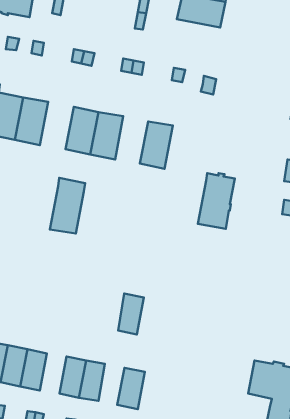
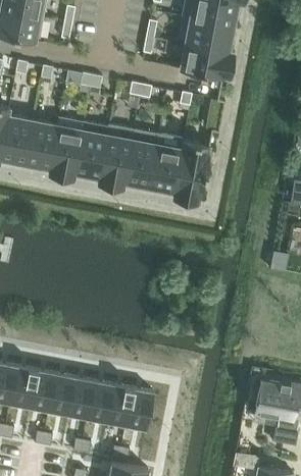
building: none -> [181,44,228,77]
building: none -> [123,140,156,187]
building: [198,173,235,229] -> [172,142,209,197]
building: [50,178,85,234] -> [49,117,84,172]
building: [118,293,144,335] -> [107,384,133,425]
building: none -> [49,374,76,414]

